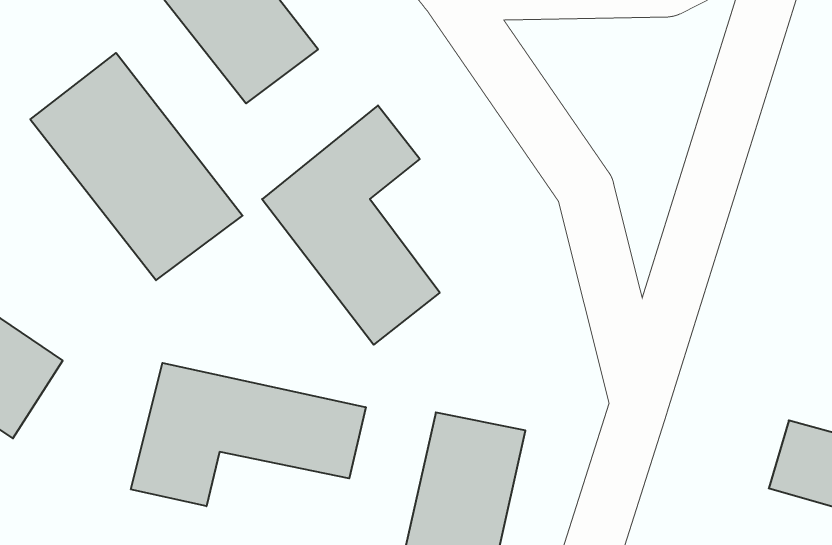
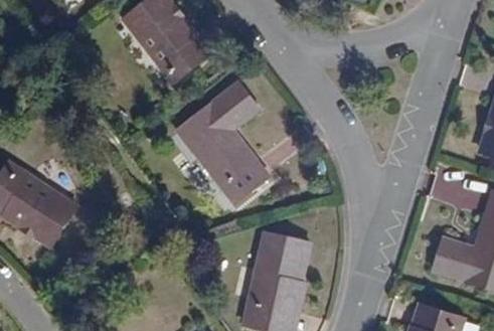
building: [30,53,243,280] -> none
building: [131,363,366,506] -> none

